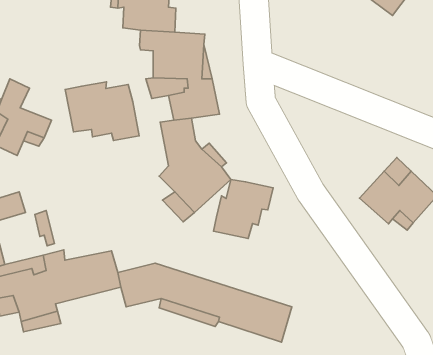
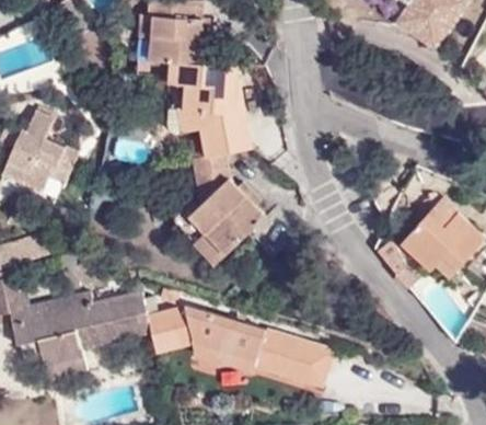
building: [65,82,139,140] -> none
building: [213,179,273,239] -> none

